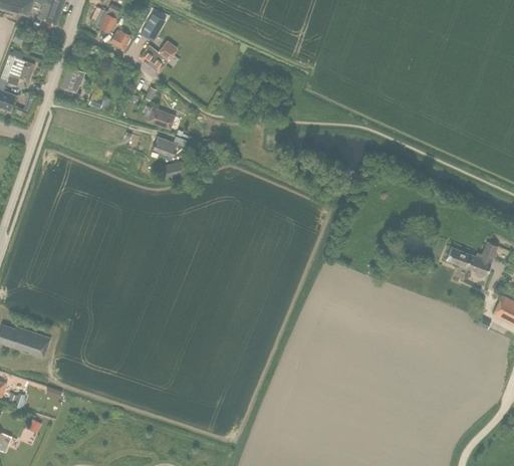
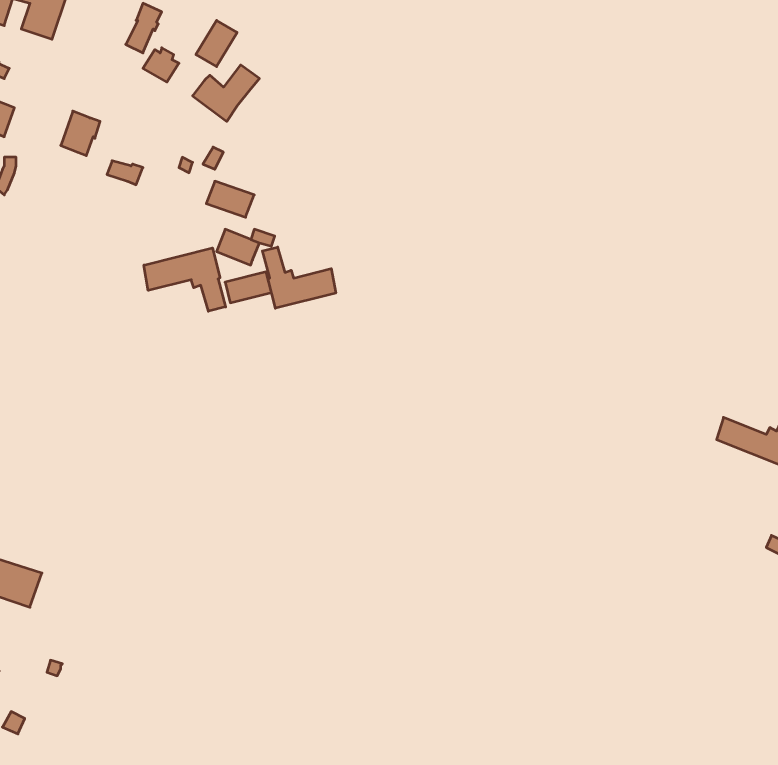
building: none -> [262,247,336,308]
building: none -> [144,248,226,311]

